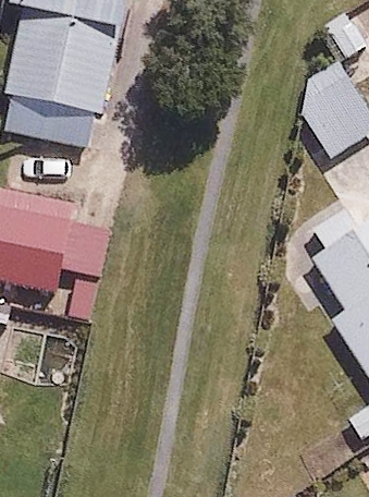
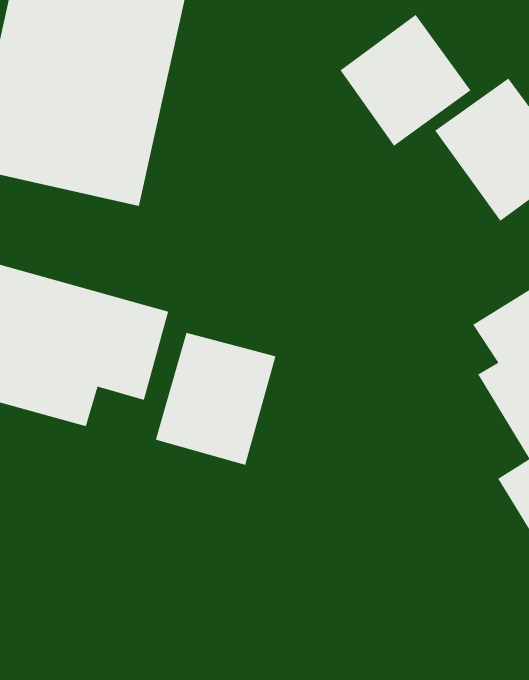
building: none -> [339,14,472,147]
building: none -> [155,332,276,466]

